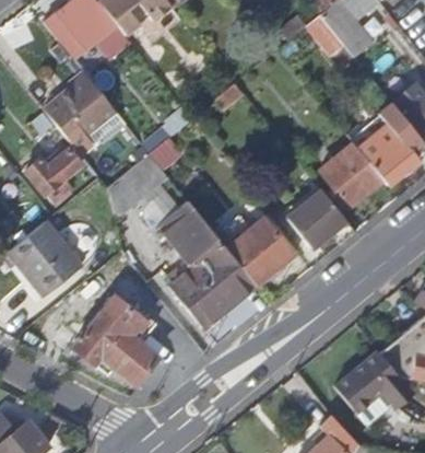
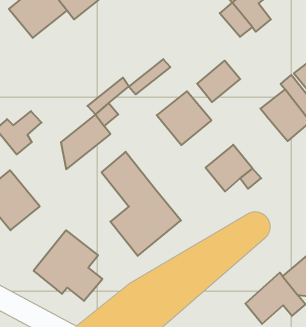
building: [44,74,117,140] -> none
building: [330,156,383,208] -> [197,61,240,102]
building: [226,218,294,284] -> [157,91,211,145]

